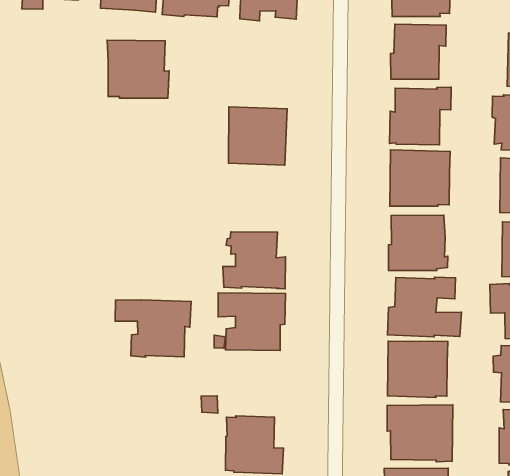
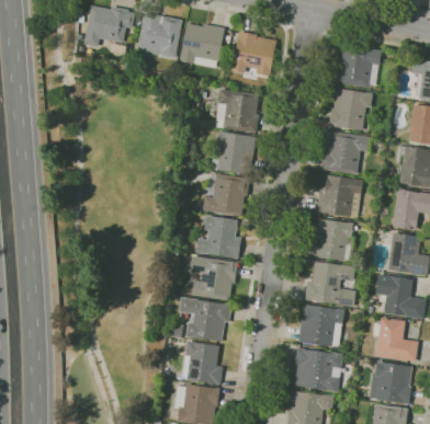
building: [107,40,169,98] -> [215,88,259,133]
building: none -> [203,172,250,216]
building: [115,300,191,357] -> [178,297,231,342]

